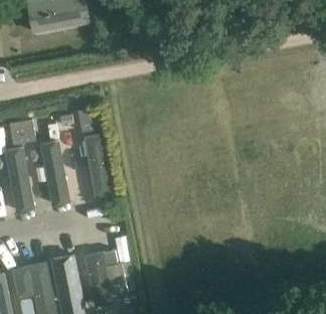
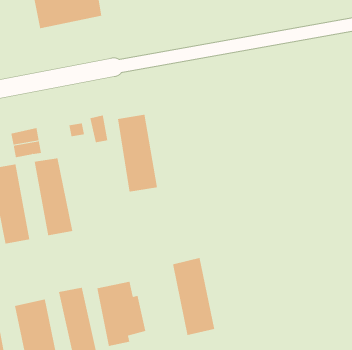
building: [71,134,107,201] -> [117,114,158,192]
building: none -> [172,257,215,336]

